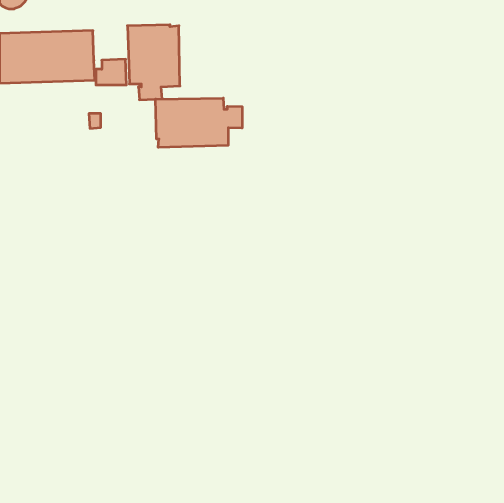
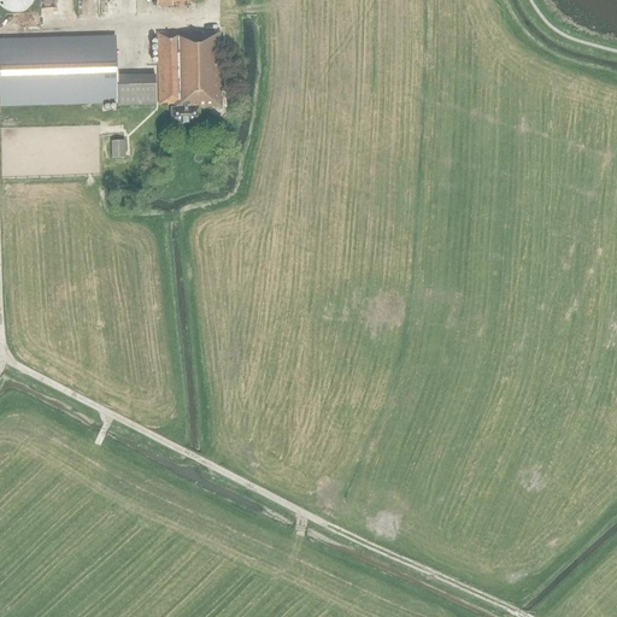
building: [156,98,242,147] -> none

